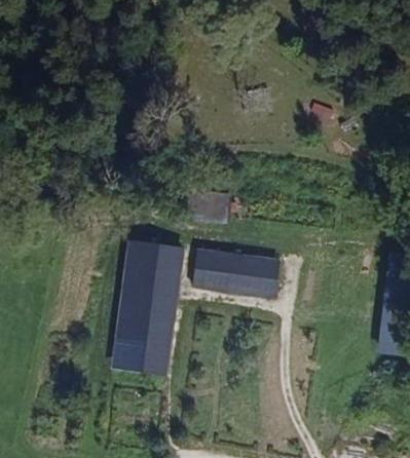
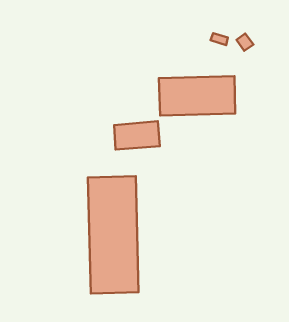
building: [186,245,274,298] -> [159,76,235,115]

